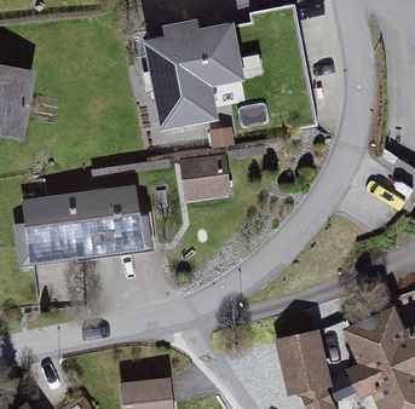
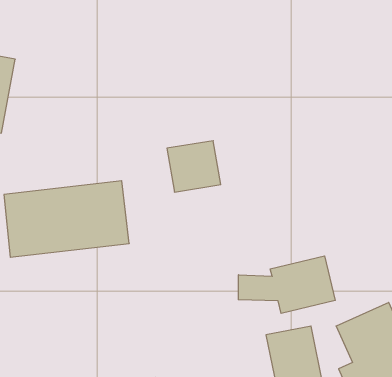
building: [146,25,241,129] -> none
building: none -> [238,256,335,313]

